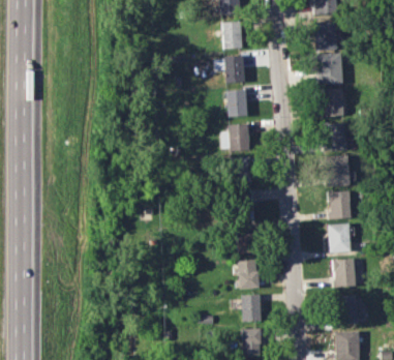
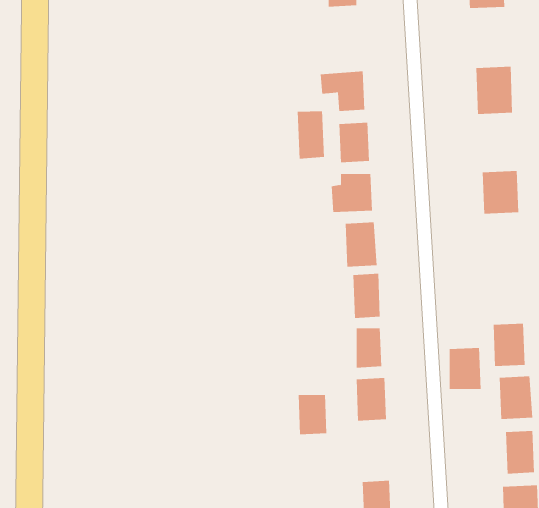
building: [222,22,242,49] -> none
building: [314,22,336,51] -> none
building: none -> [297,111,324,160]
building: [321,89,343,117] -> none
building: [326,155,350,186] -> none
building: [329,190,351,218] -> [449,347,481,389]
building: [241,295,261,322] -> [298,394,327,435]

